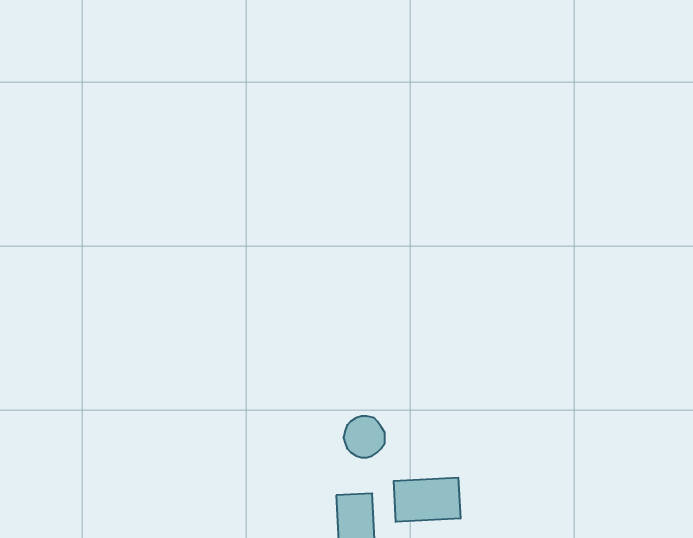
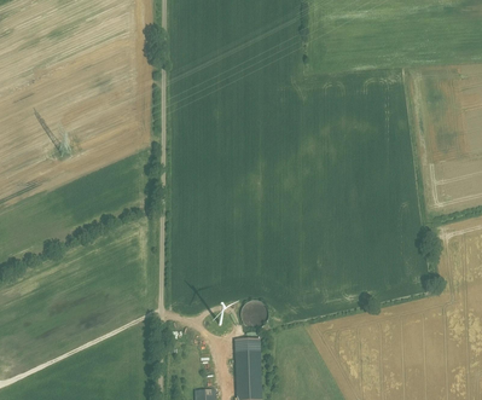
building: [394,478,460,522] -> none

